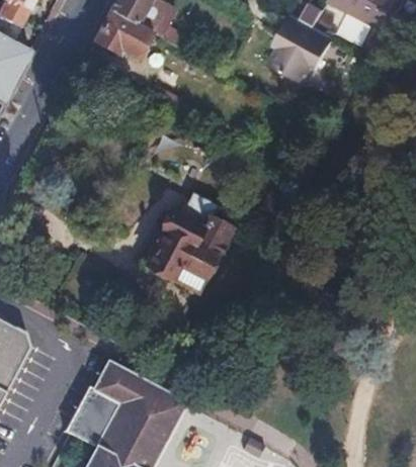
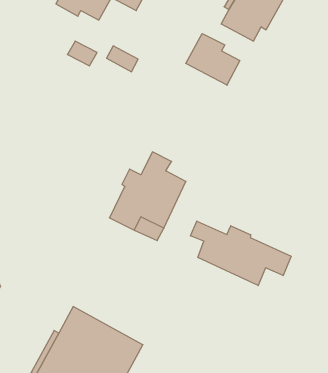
building: none -> [186,34,240,85]
building: none -> [191,221,291,286]

